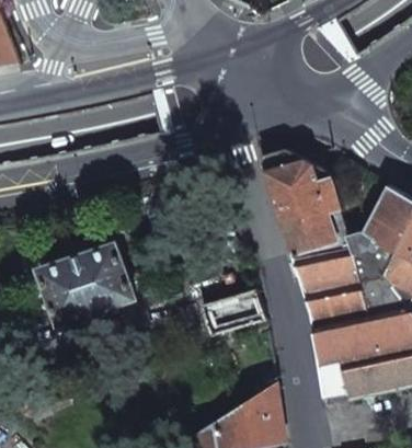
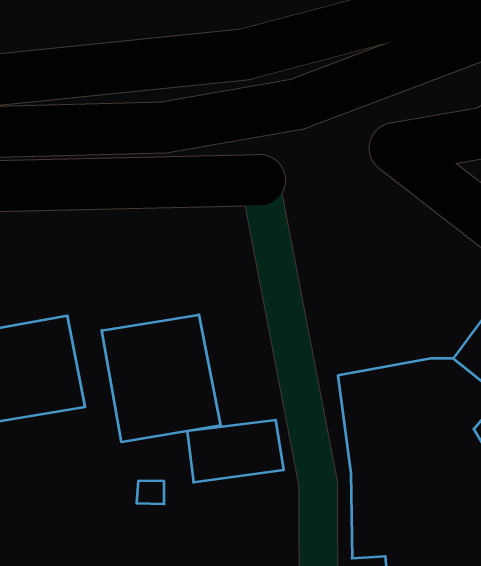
building: [261,148,348,254] -> none
building: none -> [102,315,220,442]

